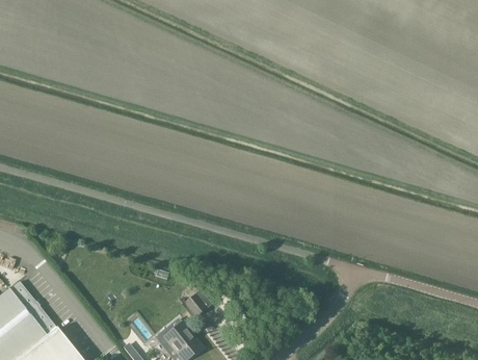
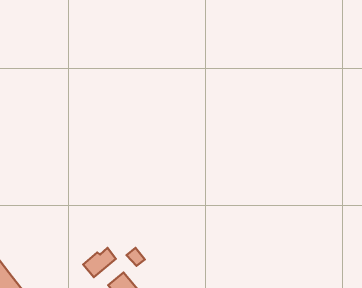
building: none -> [83,248,116,277]

